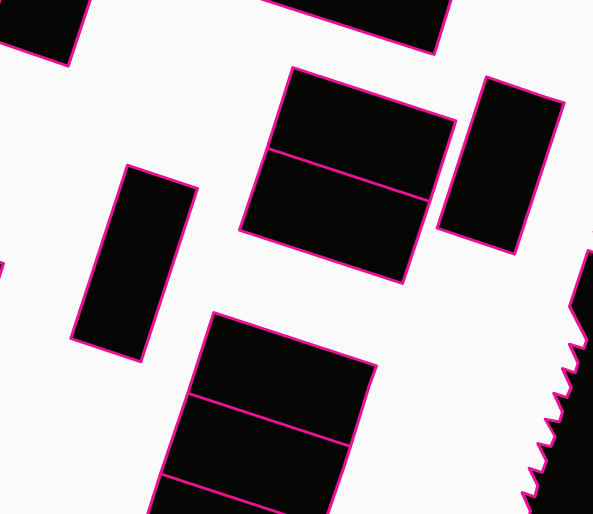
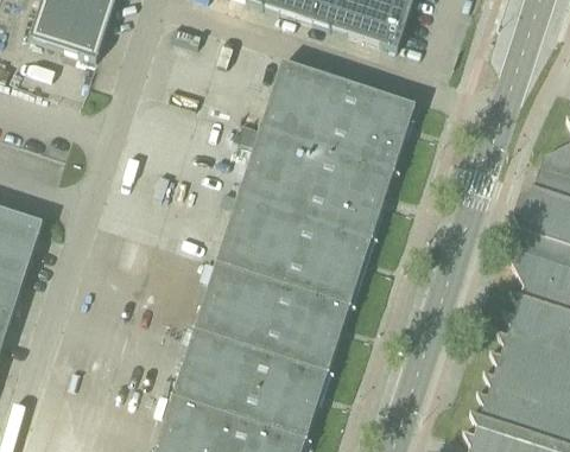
building: [437,77,564,254] -> none
building: [71,165,197,362] -> none
building: none -> [216,193,372,305]

